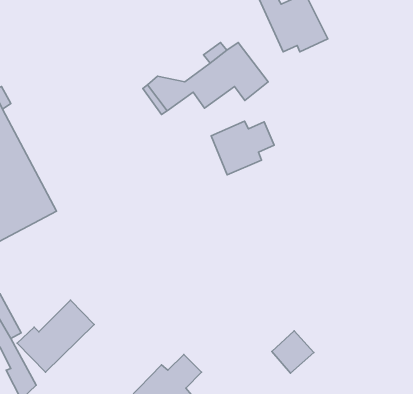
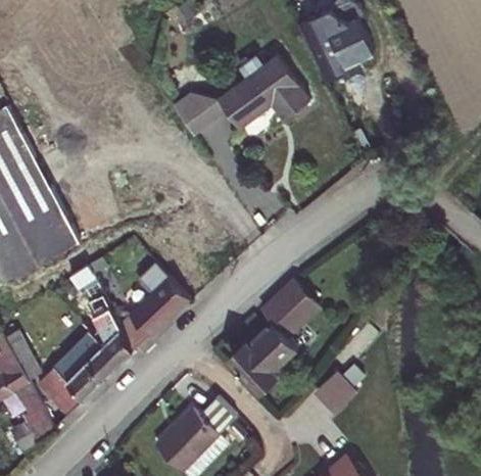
building: [211,121,274,175] -> none
building: none -> [69,266,132,365]
building: none -> [130,279,186,335]
building: none -> [229,280,323,390]

